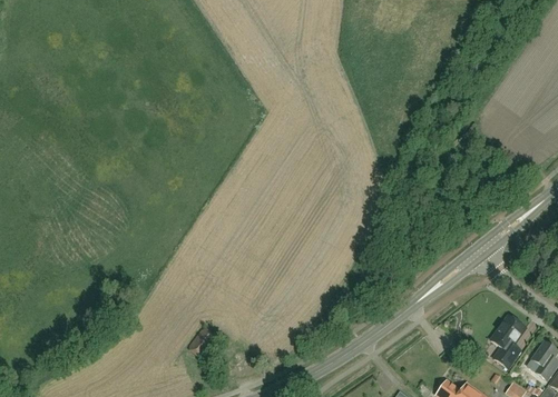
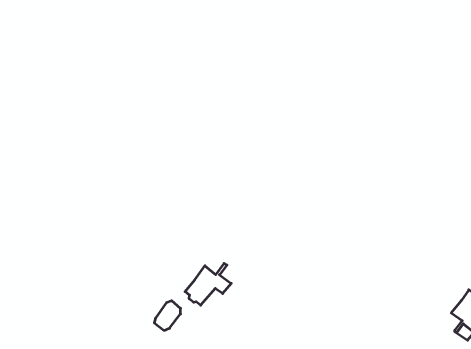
building: none -> [185,263,231,305]

